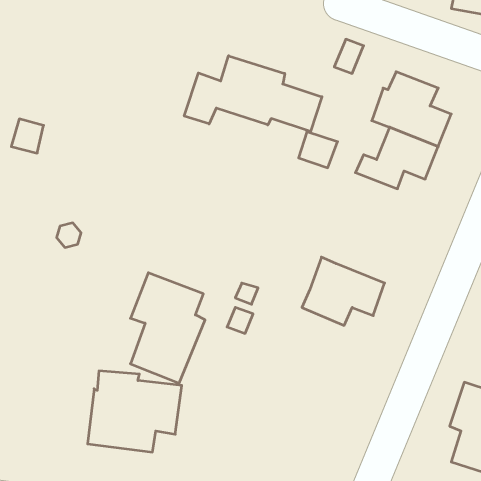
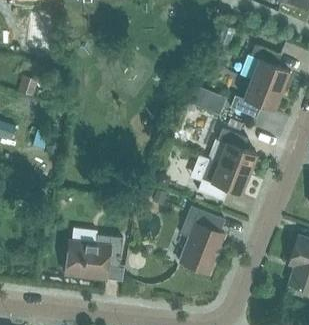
building: [184,56,322,131] -> none
building: none -> [218,128,257,175]
building: [130,273,205,383] -> [180,206,226,274]

